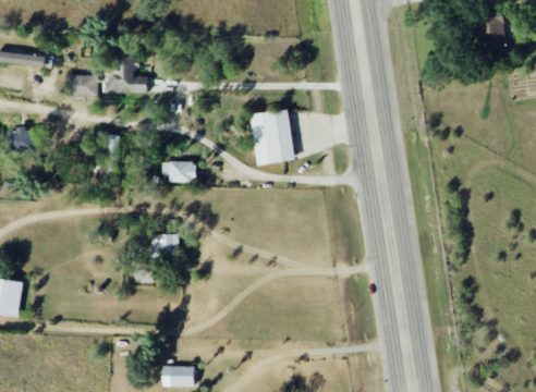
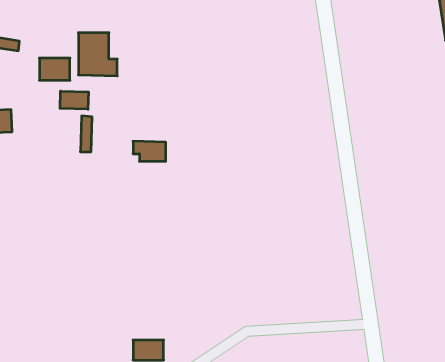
building: none -> [60,91,88,109]
building: [251,110,294,166] -> none
building: [151,234,179,254] -> none

